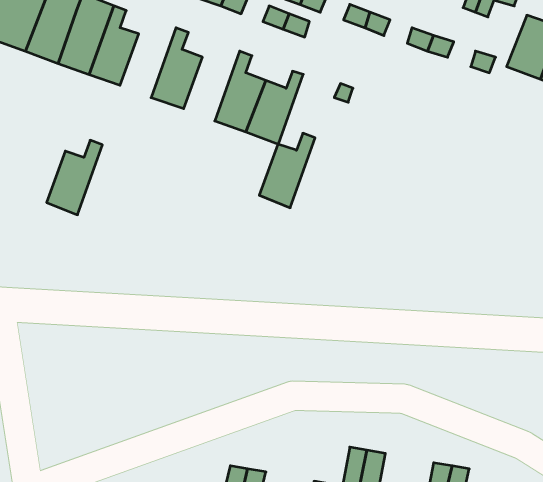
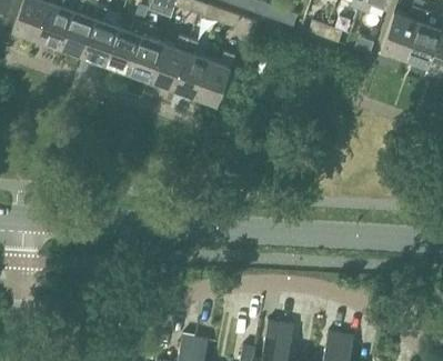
building: [259,133,315,208] -> [149,36,189,89]
building: [47,140,102,215] -> [103,19,143,72]

